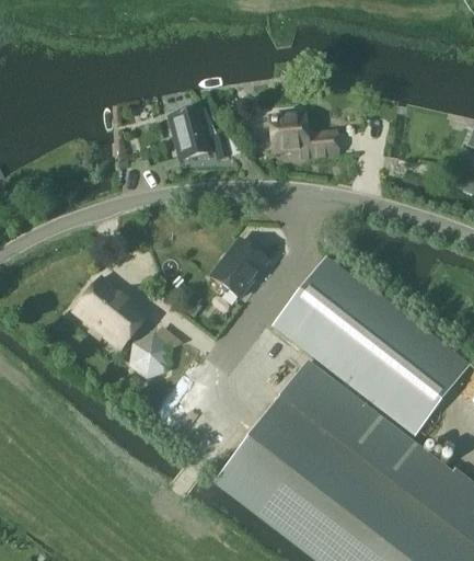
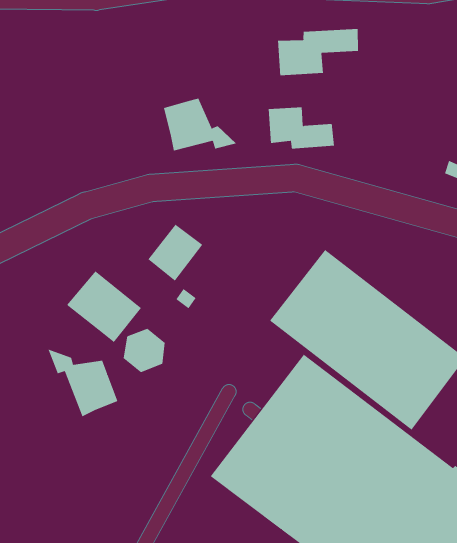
building: none -> [277,28,359,76]
building: [212,241,267,298] -> [147,224,203,282]
building: none -> [47,349,118,417]

